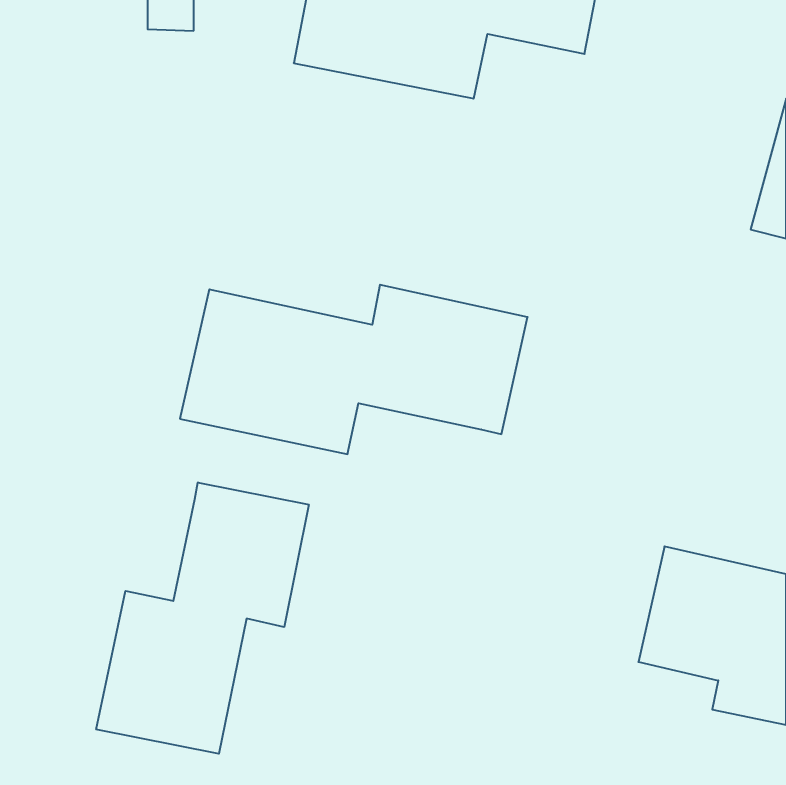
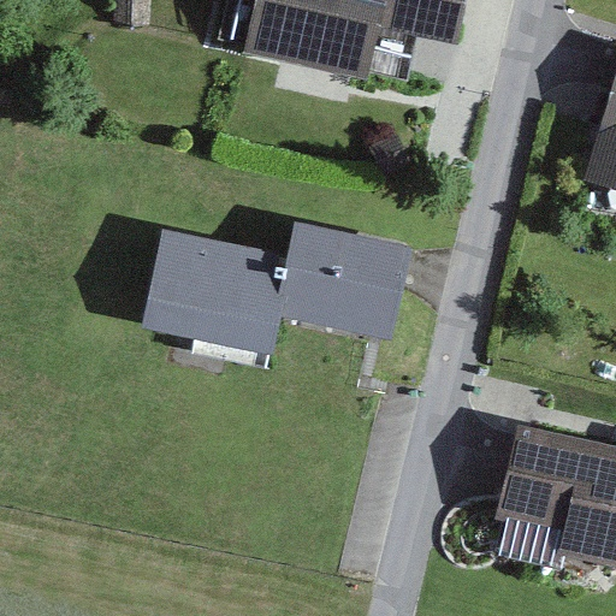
building: [96,482,309,754] -> none

